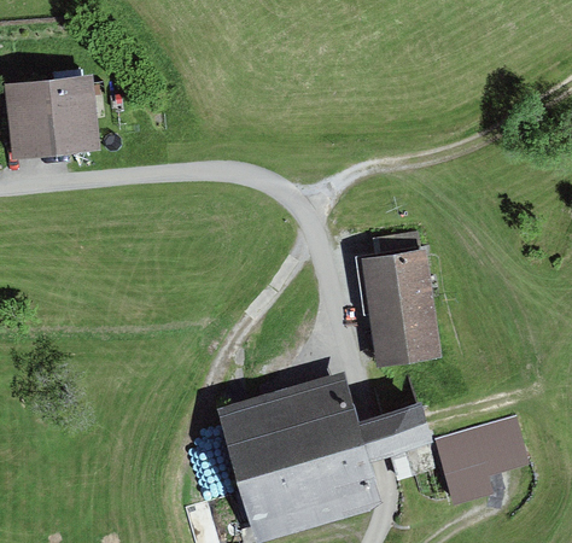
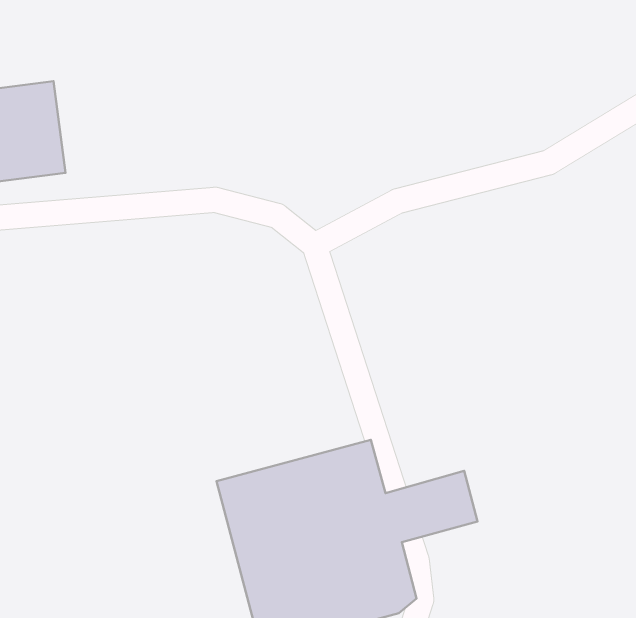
building: [362,247,439,364] -> none
building: [437,420,537,504] -> none

